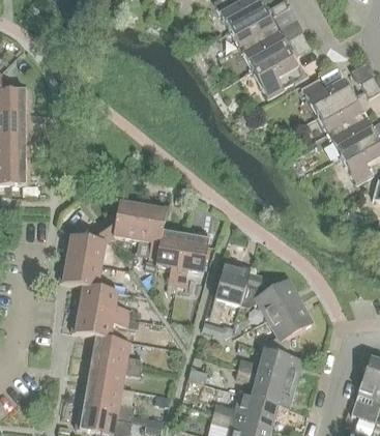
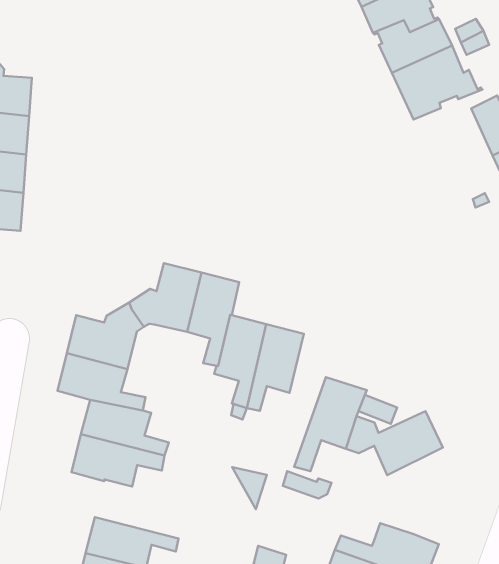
building: [265,299,313,354] -> none
building: [88,335,142,368] -> none

